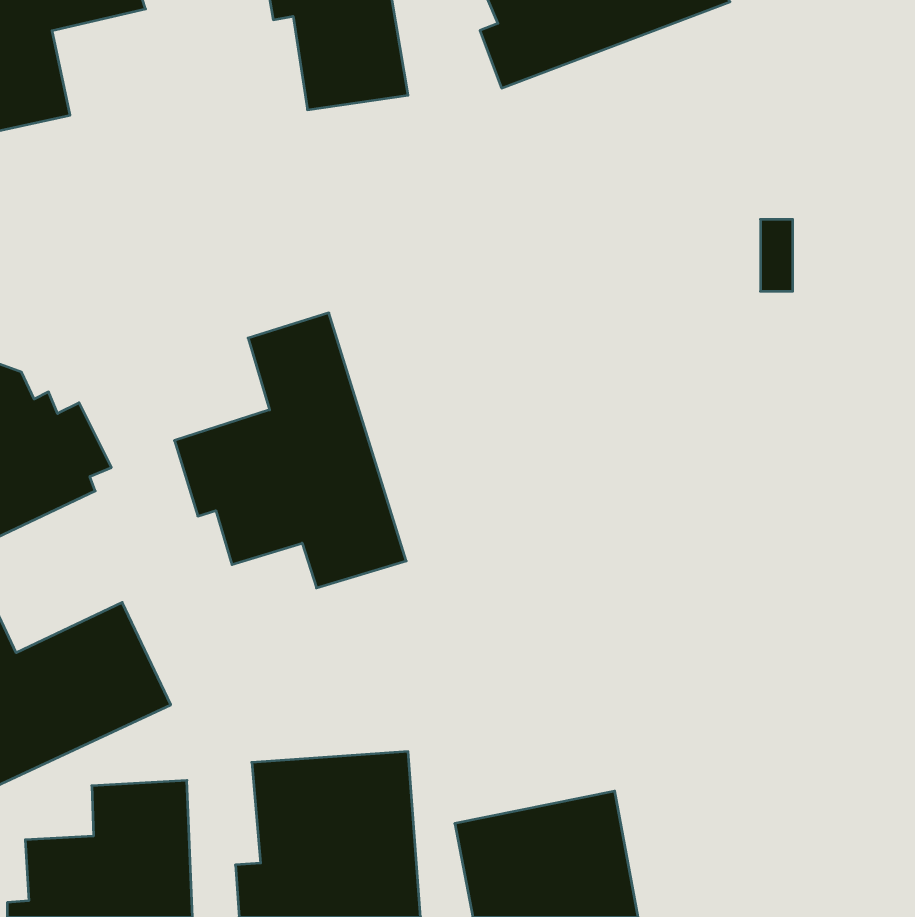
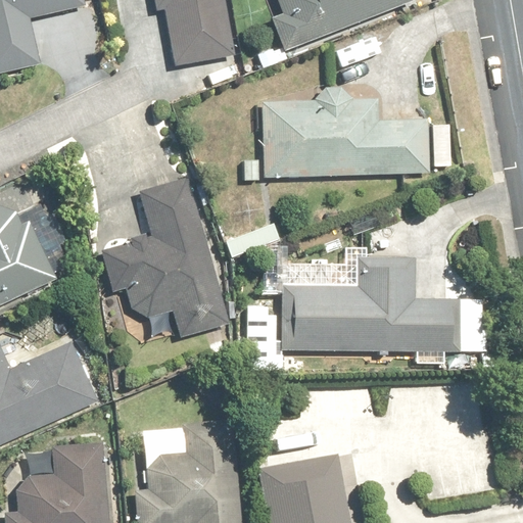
building: none -> [242,87,428,181]
building: none -> [279,258,463,351]

